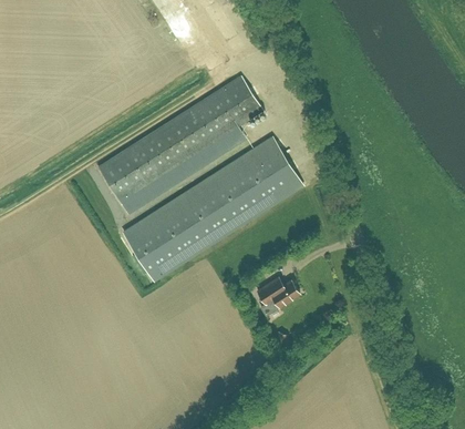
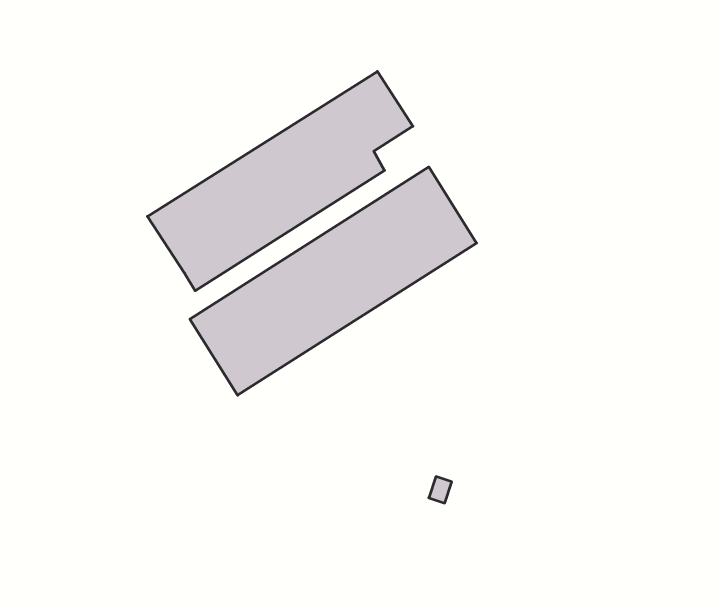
building: [257,276,299,305] -> none

